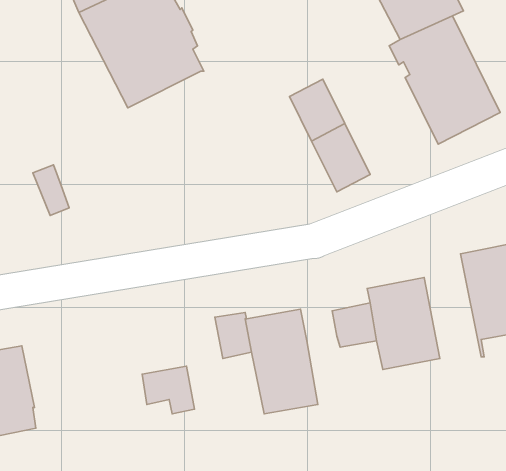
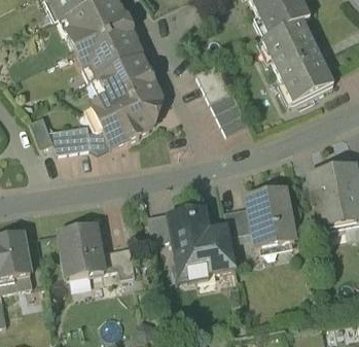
building: none -> [87,56,160,146]
building: none -> [48,124,92,152]
building: none -> [58,225,104,278]
building: none -> [208,228,236,272]

